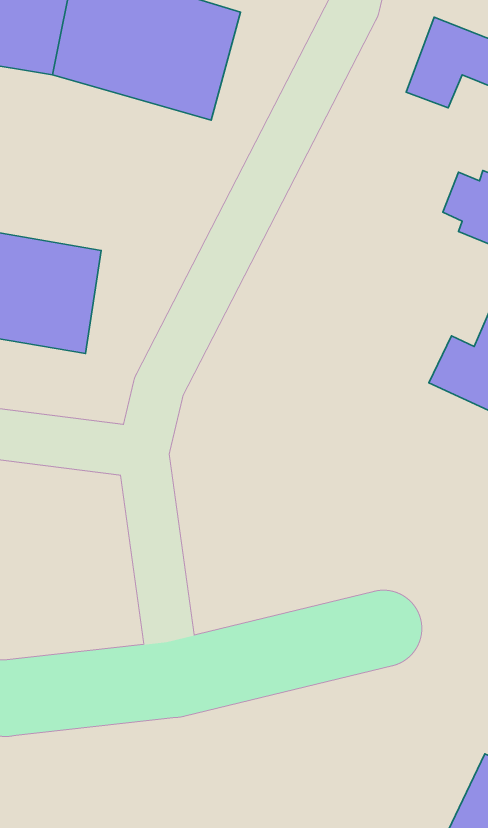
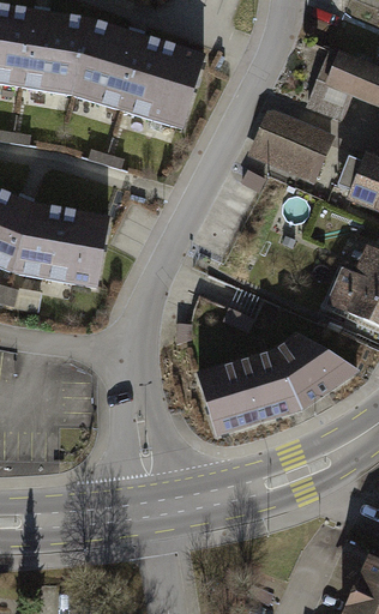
building: none -> [254,118,331,182]
building: none -> [194,330,360,432]

